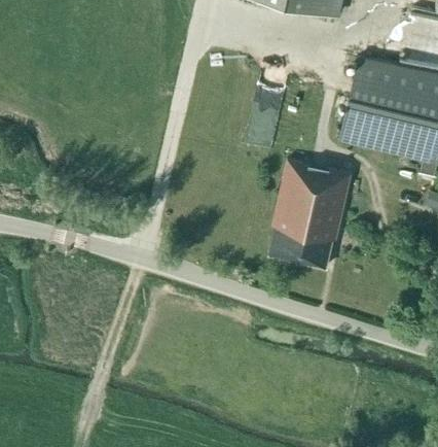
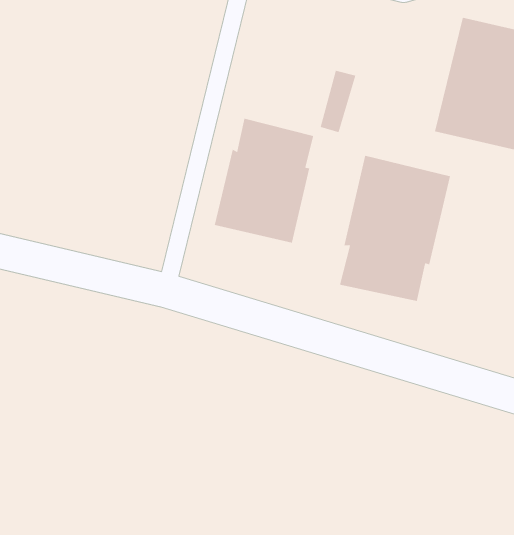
building: none -> [214,118,314,243]

